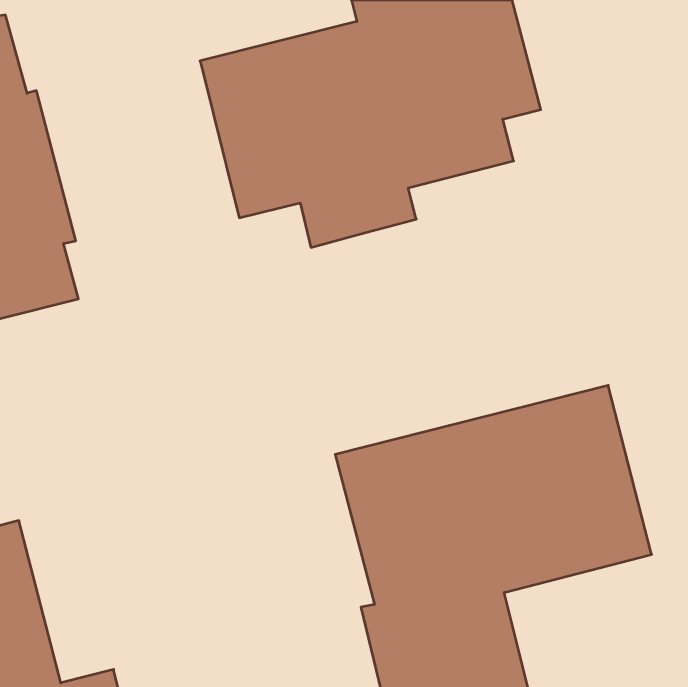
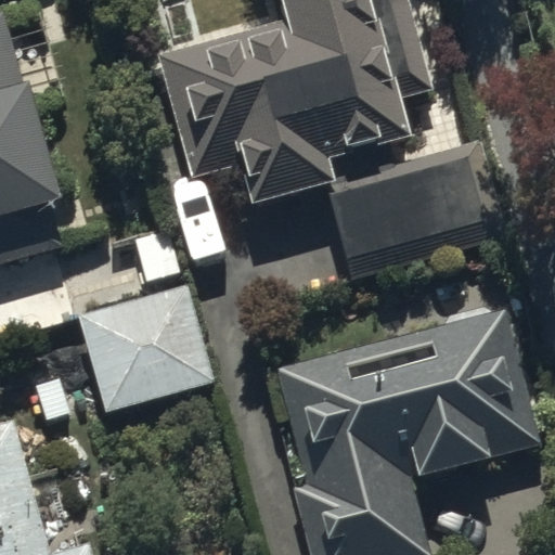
building: none -> [327,144,501,280]
building: none -> [73,285,214,415]

